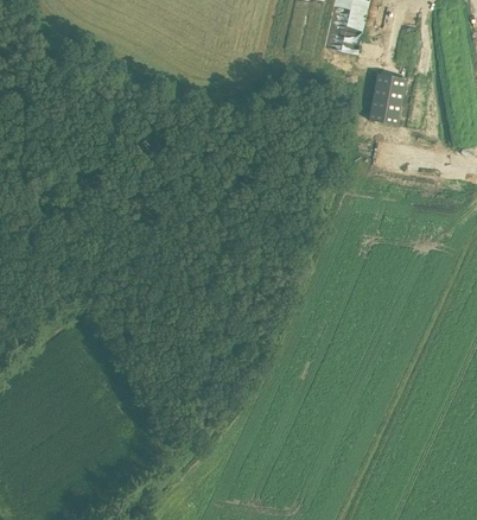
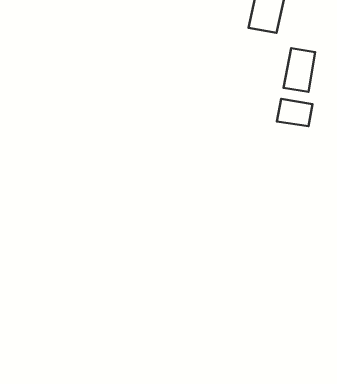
building: none -> [277,99,312,126]

